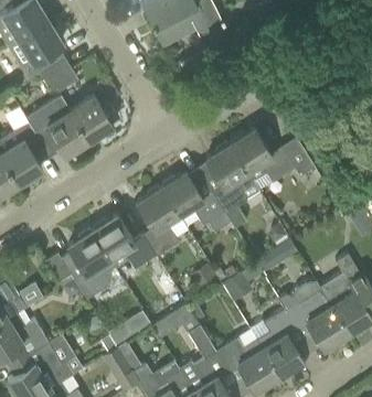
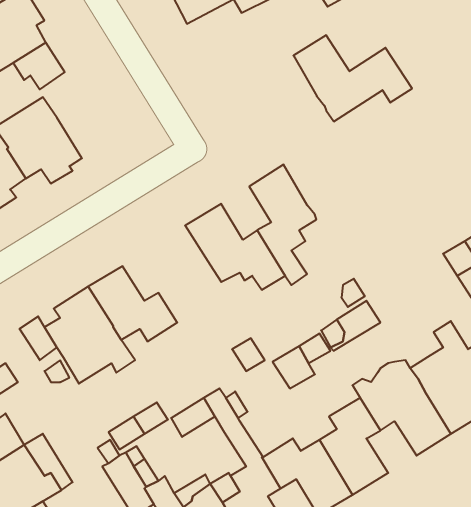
building: [71,97,117,140] -> none
building: [231,130,315,191] -> [293,35,412,121]
building: [137,187,189,256] -> none

